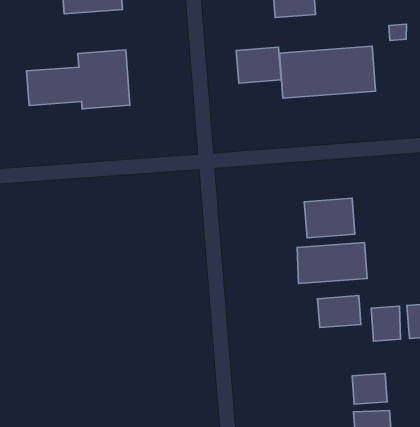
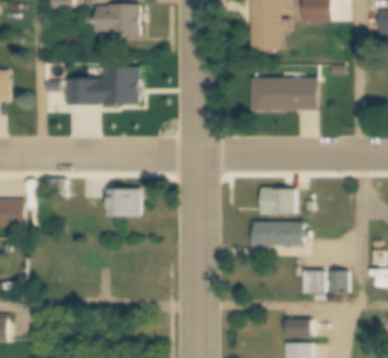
building: [236,47,281,83] -> none
building: none -> [108,189,139,218]
building: [318,296,361,328] -> none

